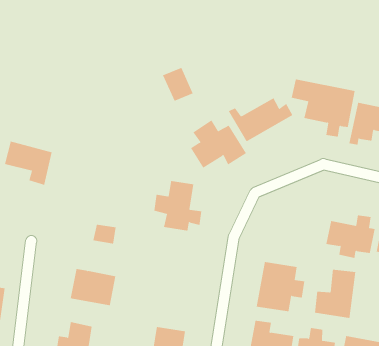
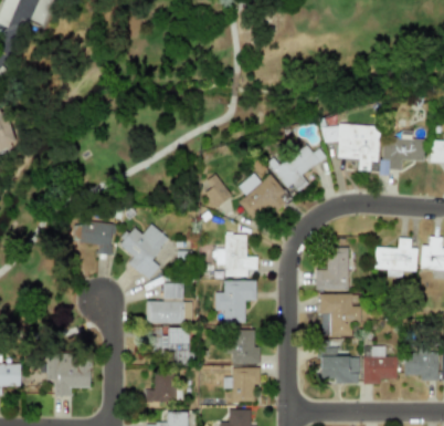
building: [162,67,194,101] -> [201,175,232,207]
building: none -> [118,224,169,280]
building: none -> [215,280,256,323]
building: none -> [147,301,192,323]
building: [314,269,356,319] -> [316,247,350,290]
building: none -> [226,330,261,363]

